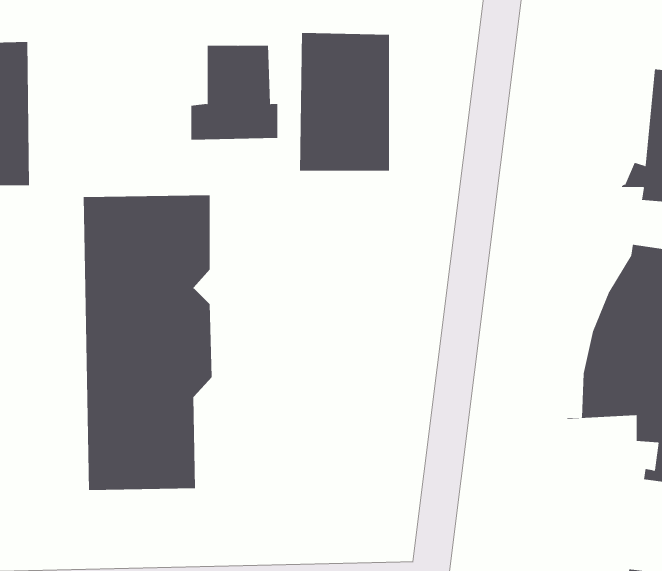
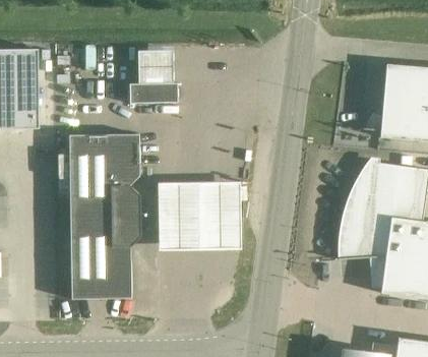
building: [299,32,389,172] -> none
building: none -> [158,173,242,244]

